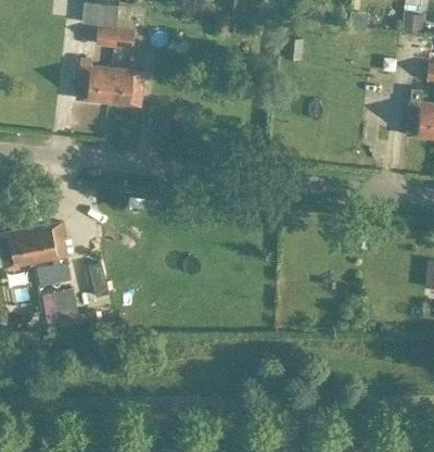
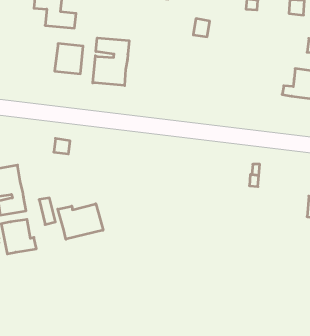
building: [77,60,113,104] -> none
building: none -> [93,38,129,86]
building: none -> [58,204,103,239]

